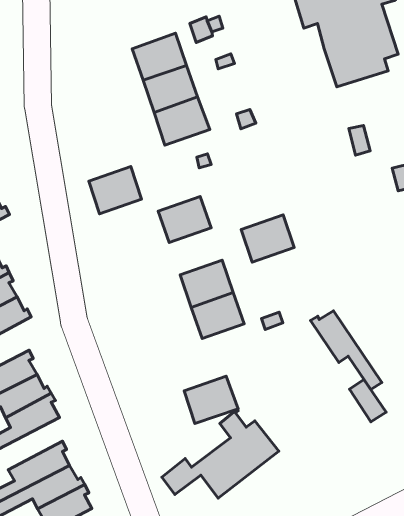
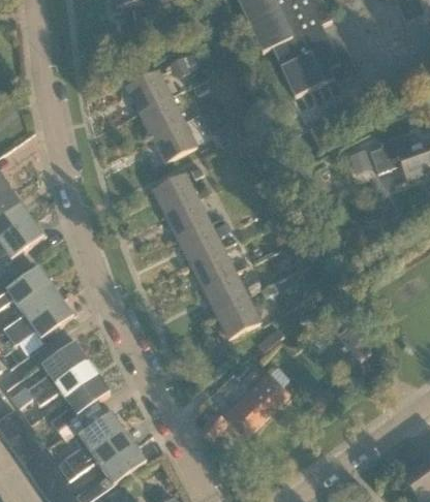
building: [89,167,142,214] -> [153,174,197,215]
building: [241,215,294,262] -> [178,222,222,263]
building: [310,311,382,390] -> none
building: [184,376,238,423] -> [215,295,260,337]

